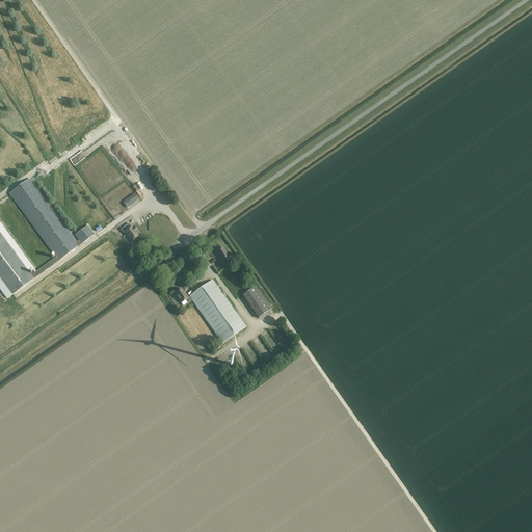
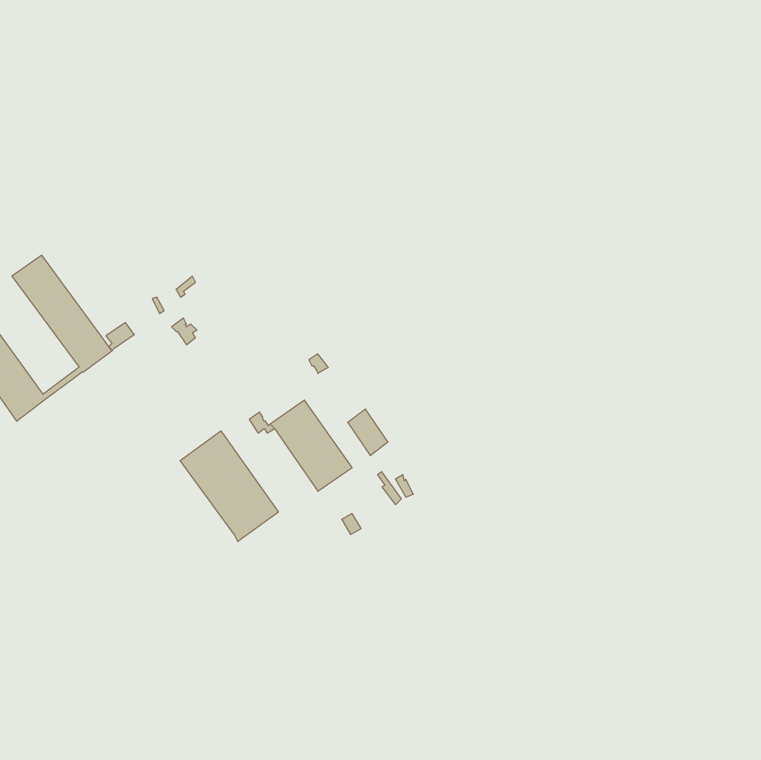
building: none -> [180,431,278,542]

